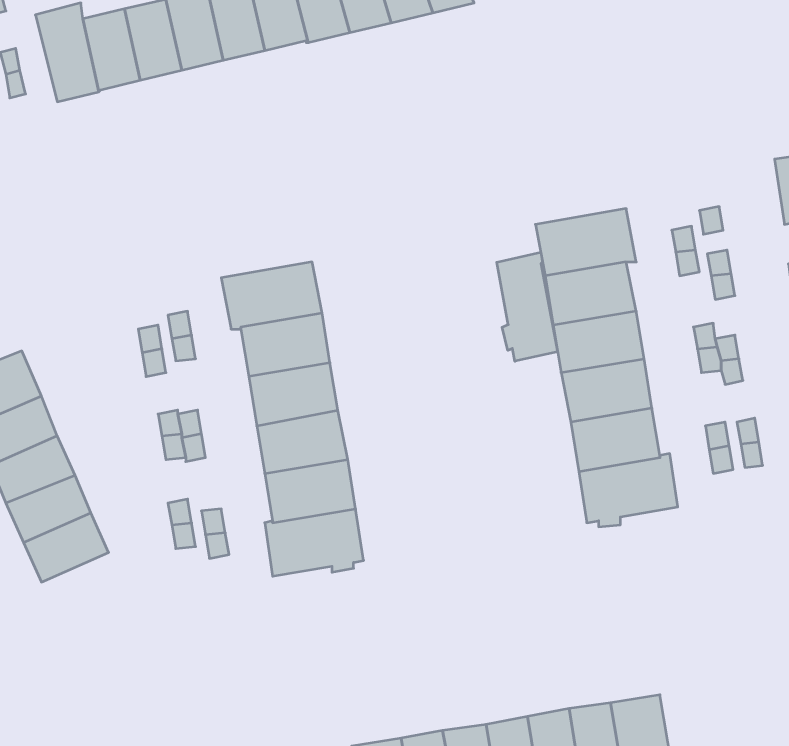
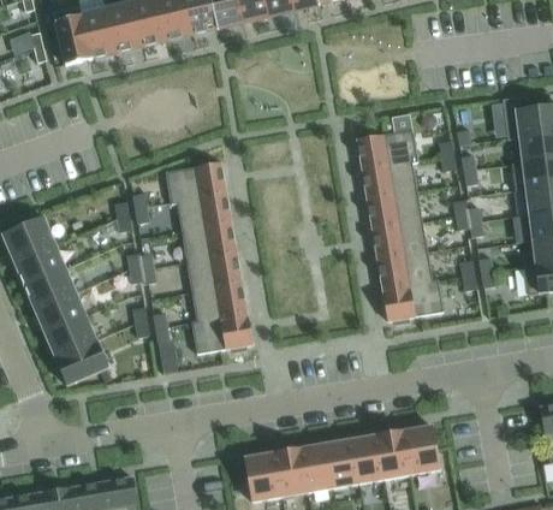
building: [497,252,557,361] -> none
building: none -> [55,339,108,385]

